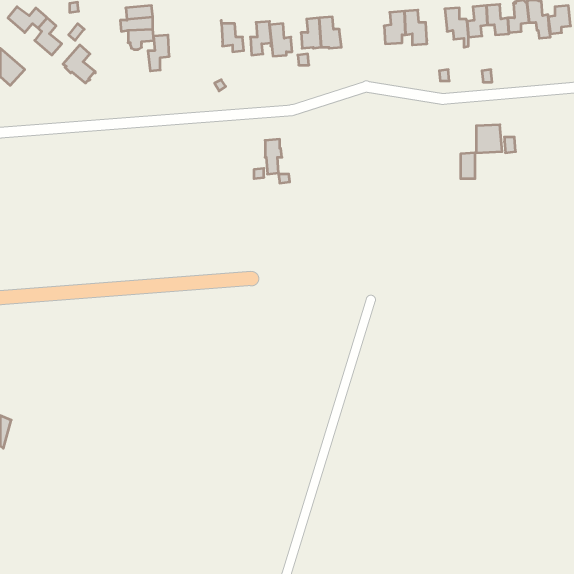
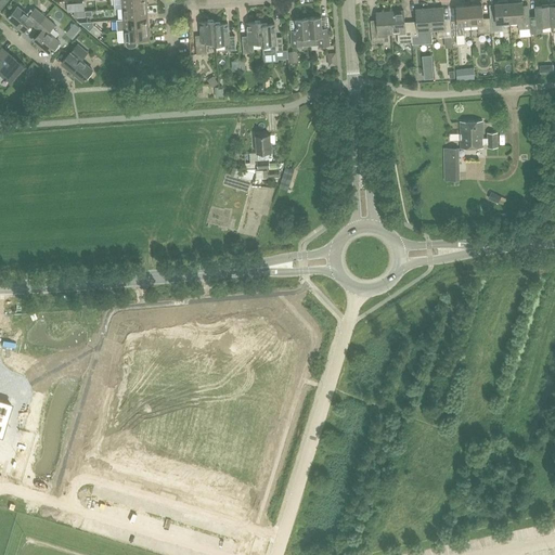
building: none -> [411,9,431,39]
building: [148,35,169,71] -> [194,20,215,54]

